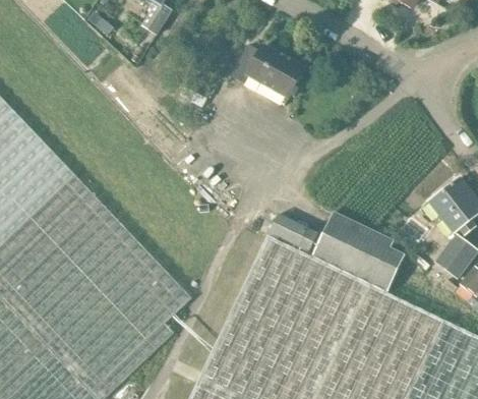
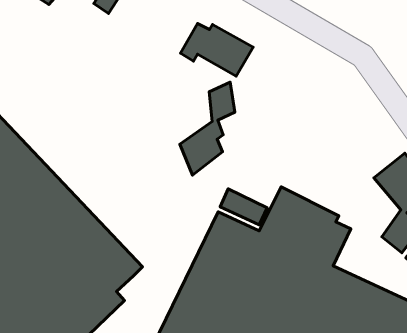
building: none -> [180,82,235,175]

